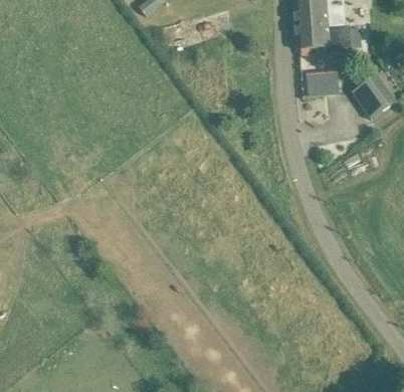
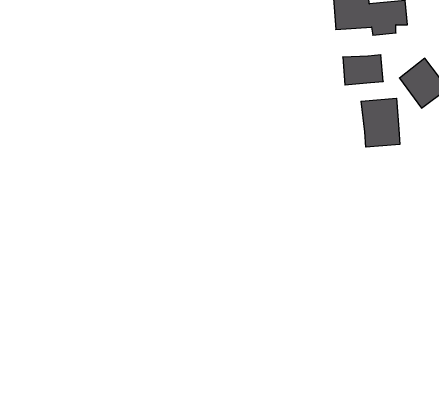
building: none -> [361,98,400,147]

